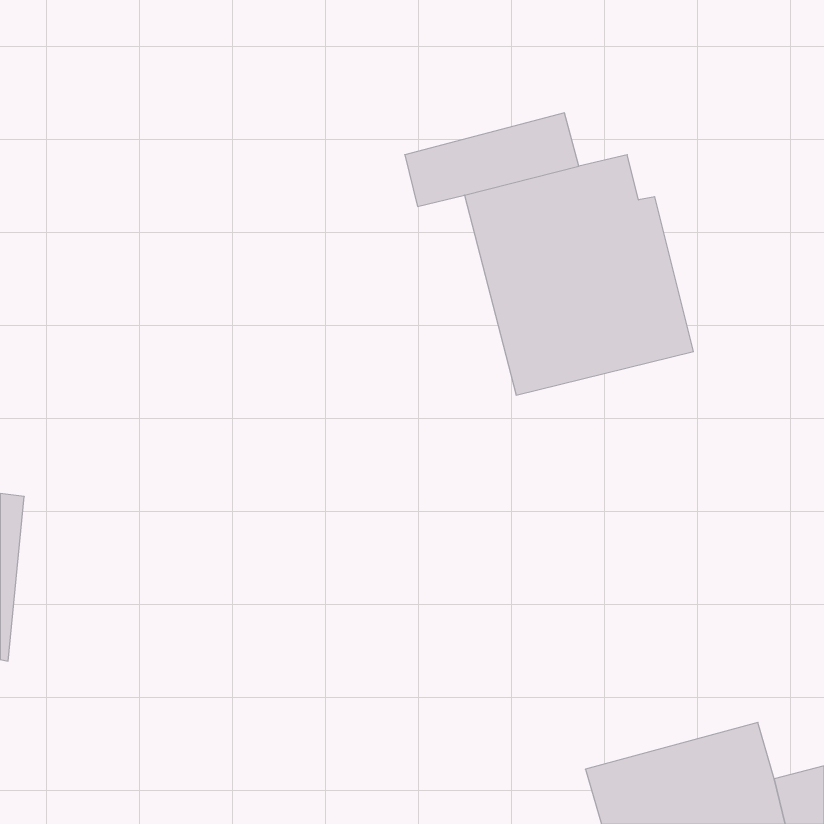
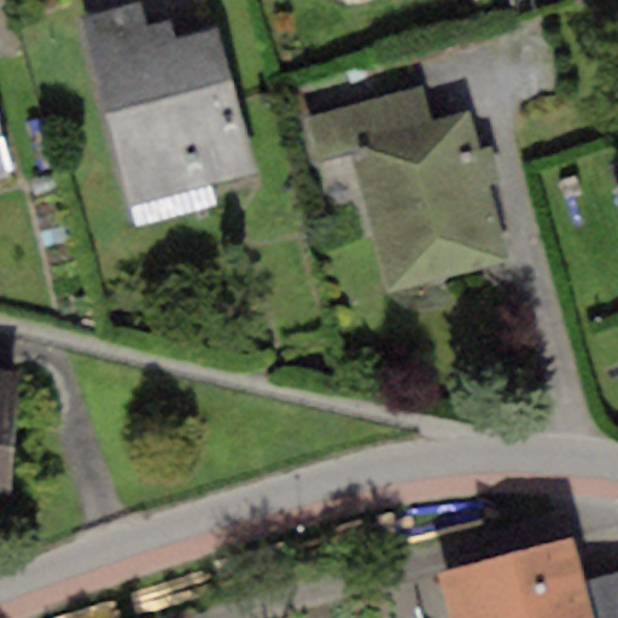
building: none -> [80,5,251,203]

